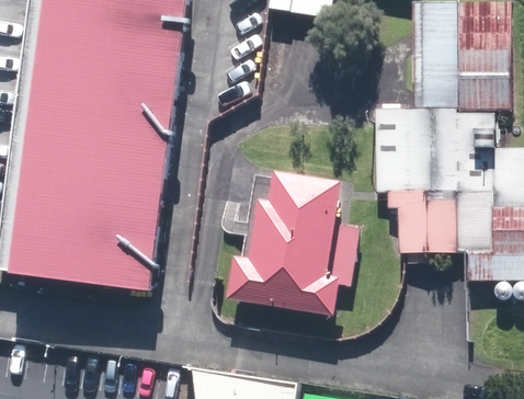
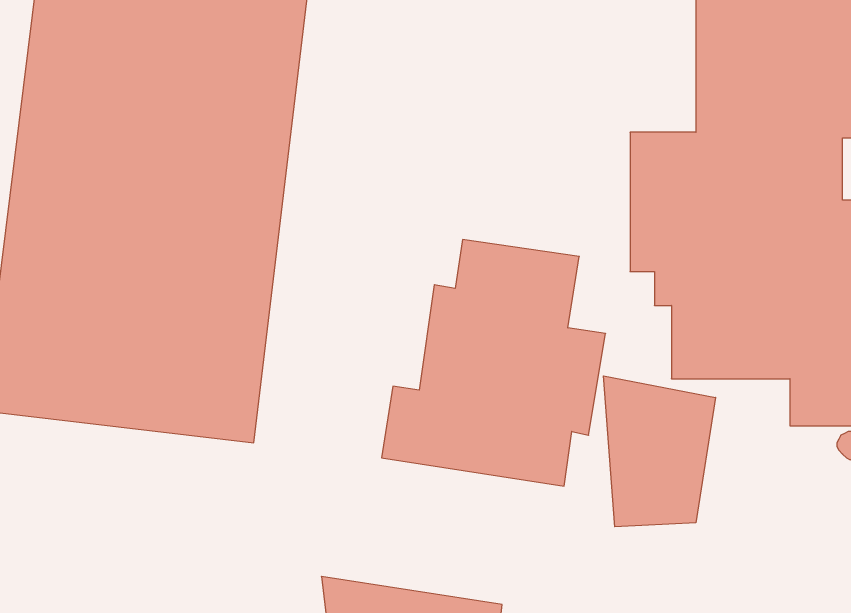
building: none -> [603,376,716,527]

